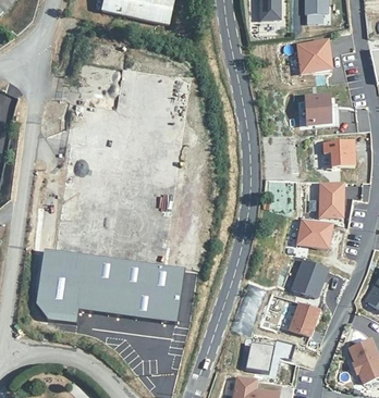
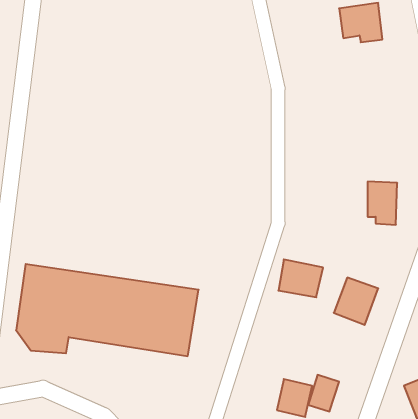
building: [305,96,338,124] -> none
building: [322,139,354,165] -> none
building: [296,217,332,248] -> [278,259,323,297]
building: [289,301,319,335] -> none

